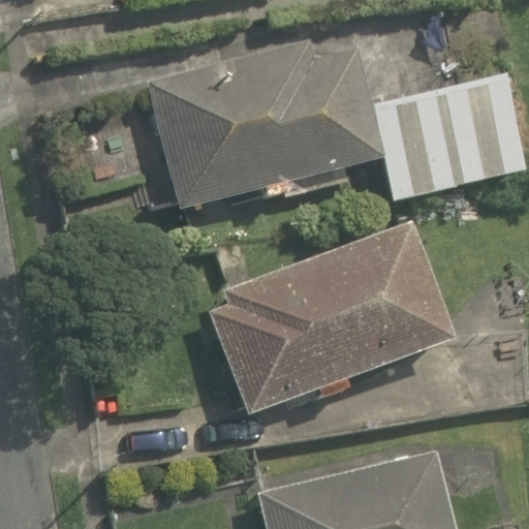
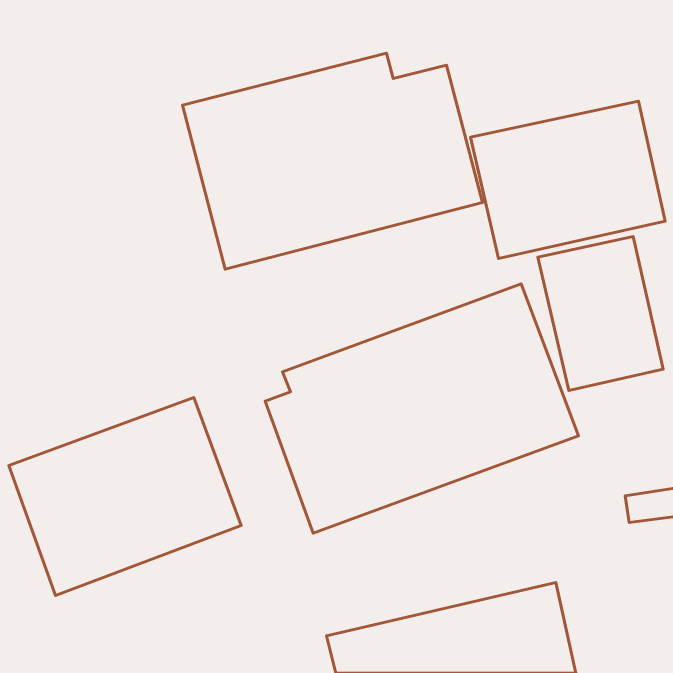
building: none -> [538,237,663,390]
building: none -> [9,397,241,596]

